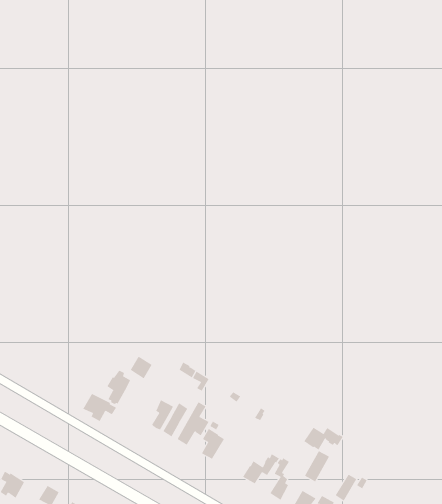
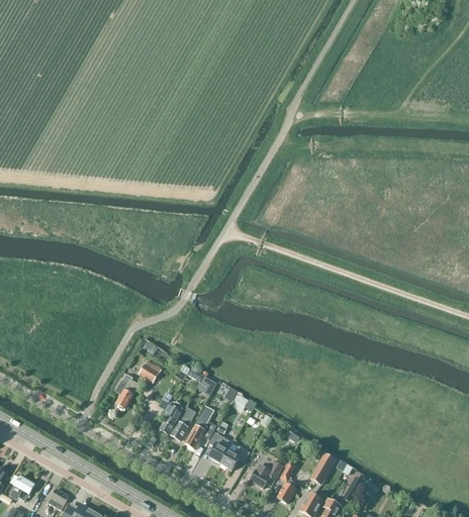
building: [83,393,117,422] -> none
building: [303,427,344,450] -> none
building: none -> [219,442,249,470]

